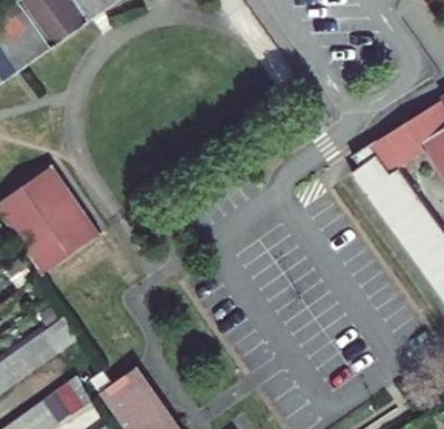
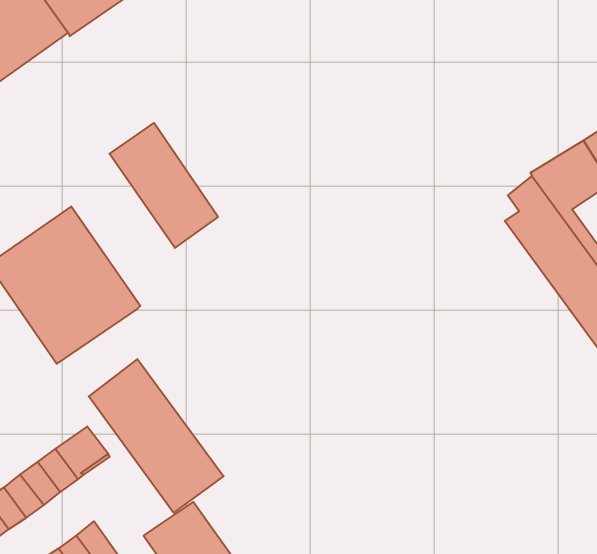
building: none -> [109,123,218,248]
building: none -> [89,359,224,513]

